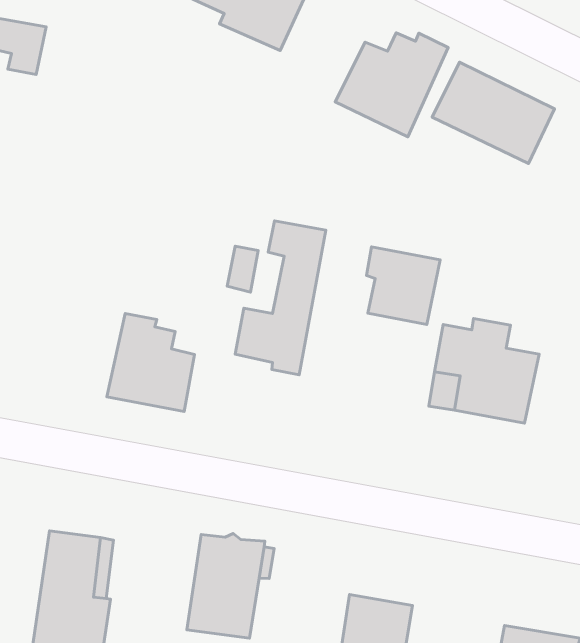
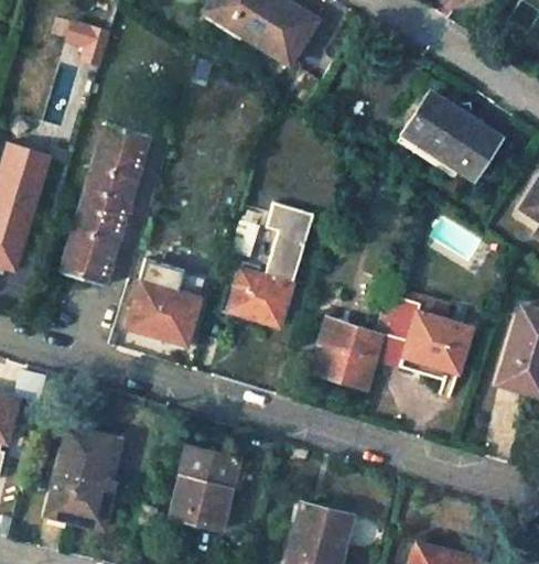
building: [335,33,448,137] -> none
building: none -> [63,124,147,283]
building: [366,247,440,324] -> [317,318,379,384]

